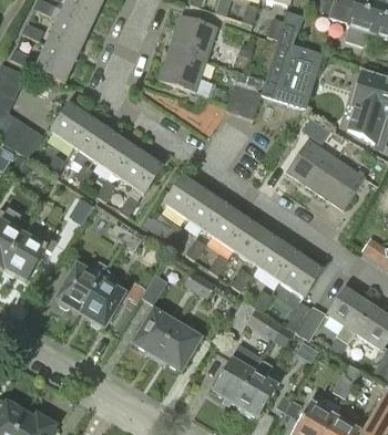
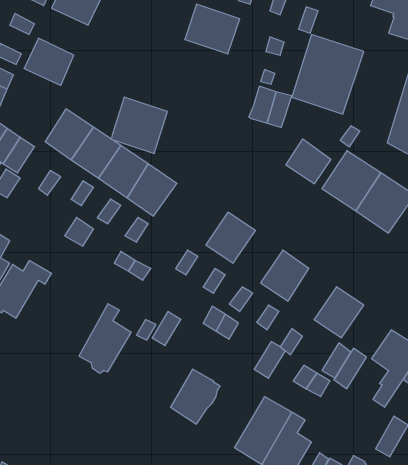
building: [47,18,89,58] -> none
building: [160,44,207,92] -> [111,97,167,153]
building: none -> [286,139,331,184]
building: [165,175,207,218] -> none
building: [212,206,254,250] -> none
building: [258,238,299,281] -> none
building: [58,262,105,312] -> none
building: [135,310,177,355] -> none

